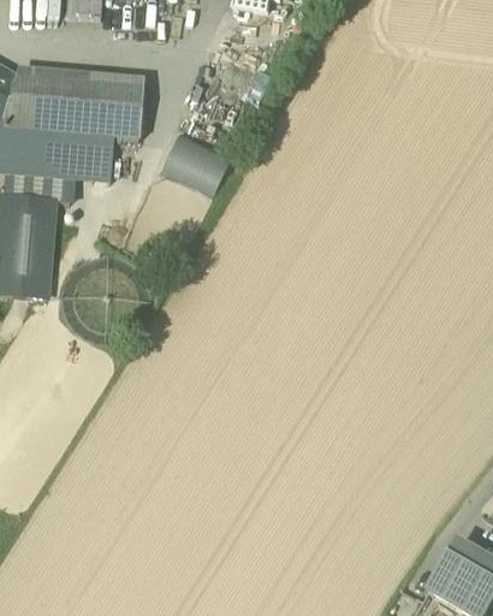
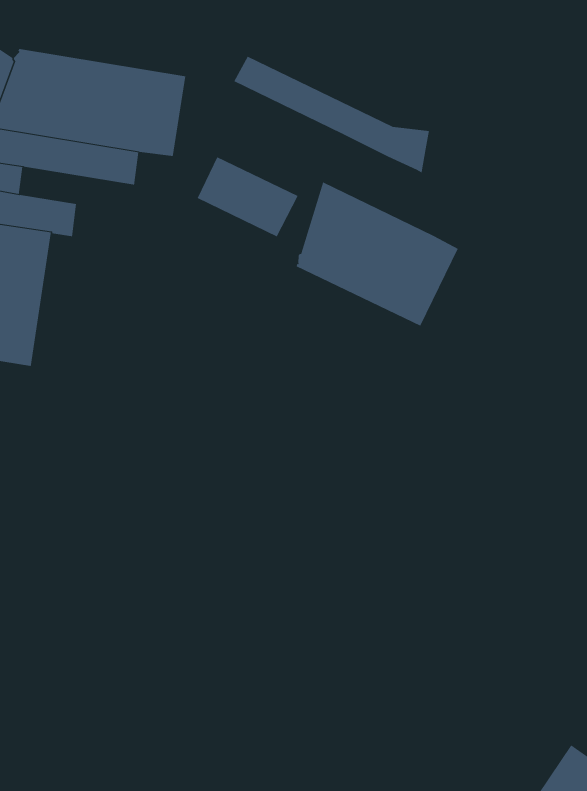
building: none -> [234,56,429,174]
building: none -> [296,182,458,327]
building: [28,152,111,178] -> none

